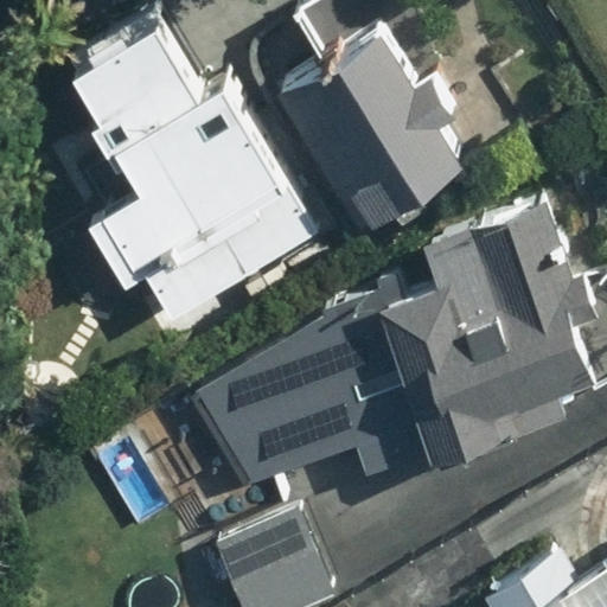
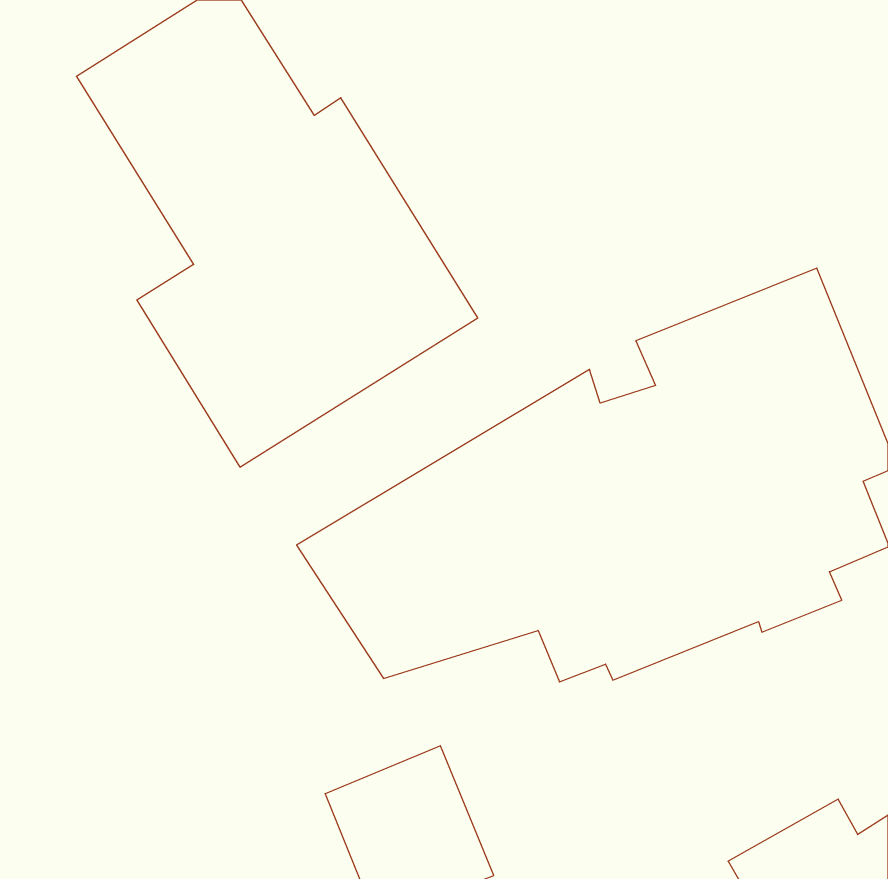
building: [275,24,466,228] -> none

